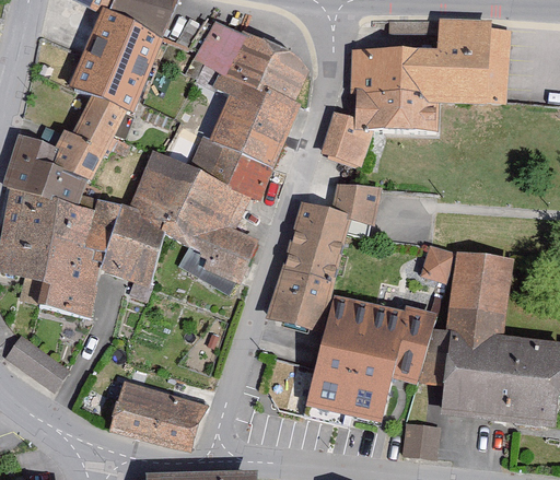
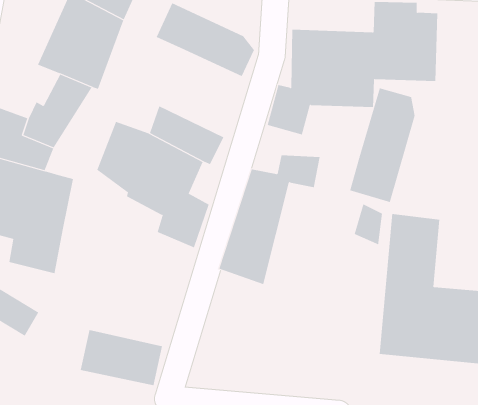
building: [201,71,296,167] -> none
building: none -> [349,88,415,203]
building: [91,195,166,286] -> none
building: [306,296,433,425] -> none
building: [402,423,438,457] -> none

